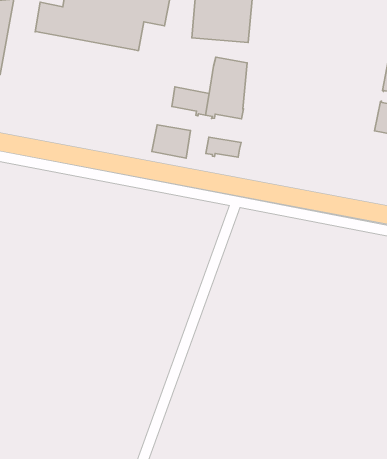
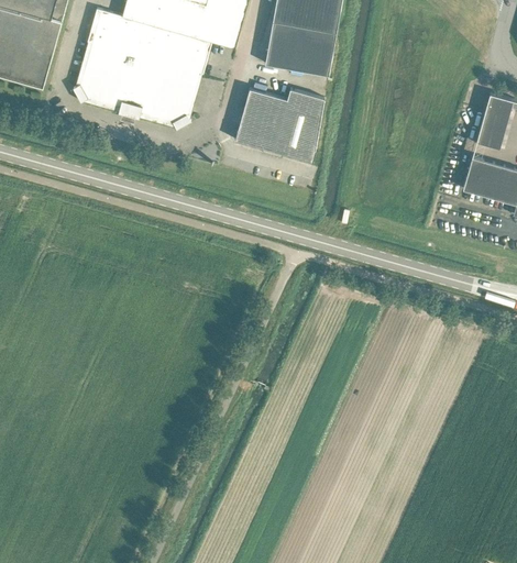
building: none -> [74,42,199,129]
building: [152,125,191,158] -> [241,88,287,129]
building: [206,137,241,157] -> none

